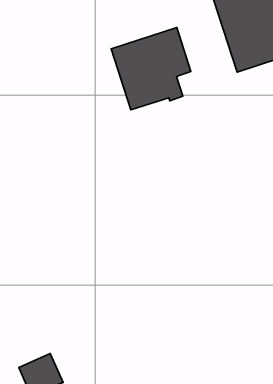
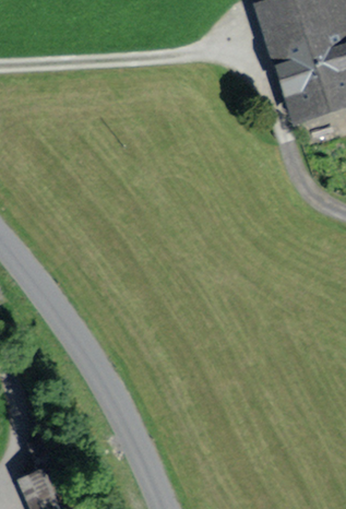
building: [111,27,191,110] -> none

